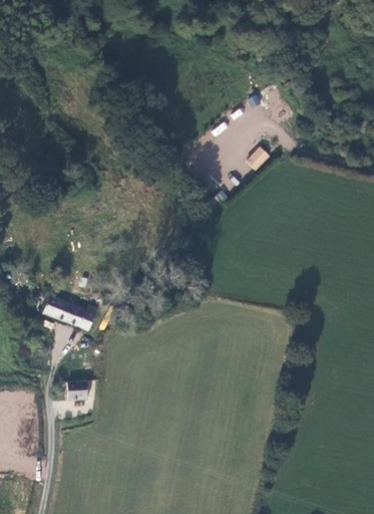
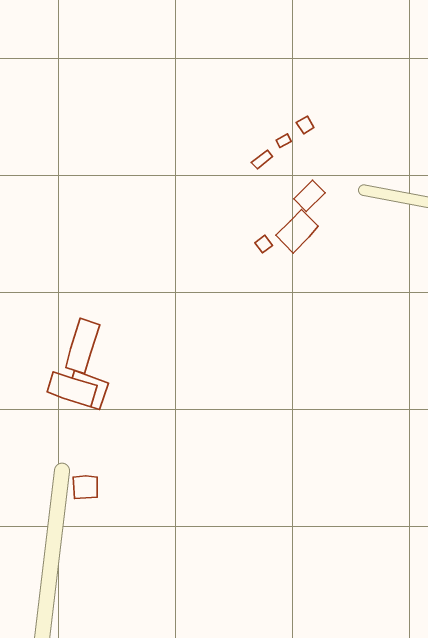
building: none -> [276,209,318,253]
building: none -> [66,318,100,373]

